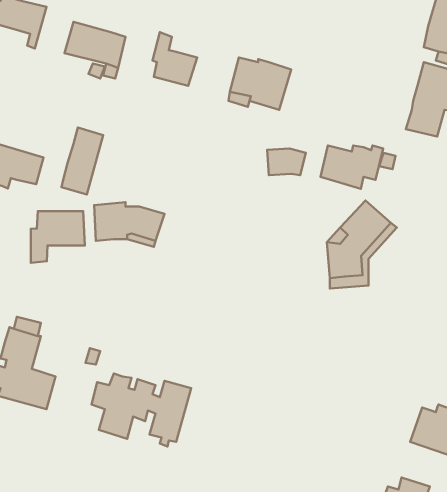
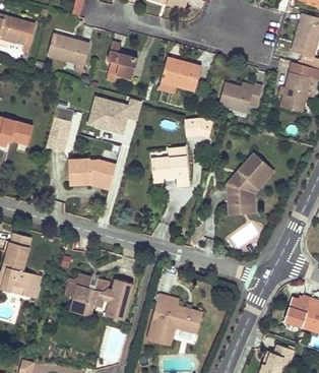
building: none -> [87,98,140,132]
building: [320,146,383,189] -> [218,82,261,112]
building: none -> [152,146,188,185]
building: [31,211,85,263] -> none
building: none -> [148,295,202,345]

